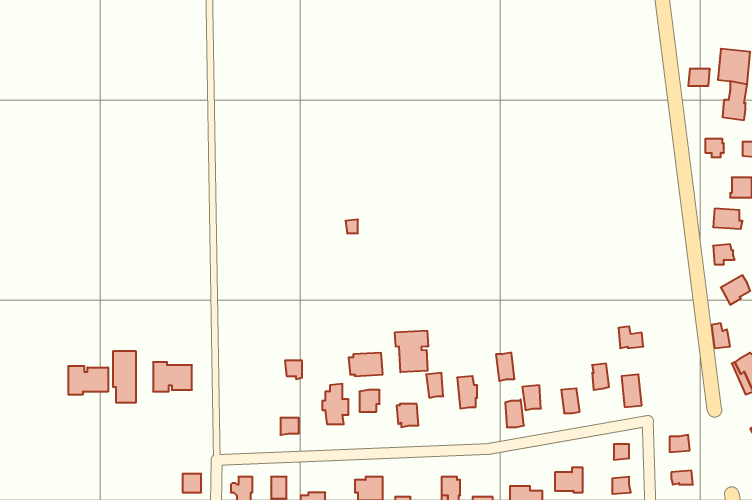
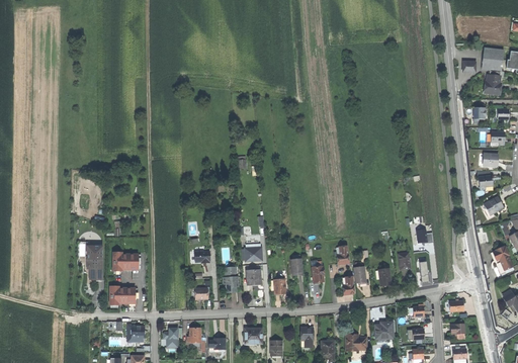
building: [395,331,428,372] -> none
building: [68,366,108,395] -> none
building: none -> [109,287,135,306]

